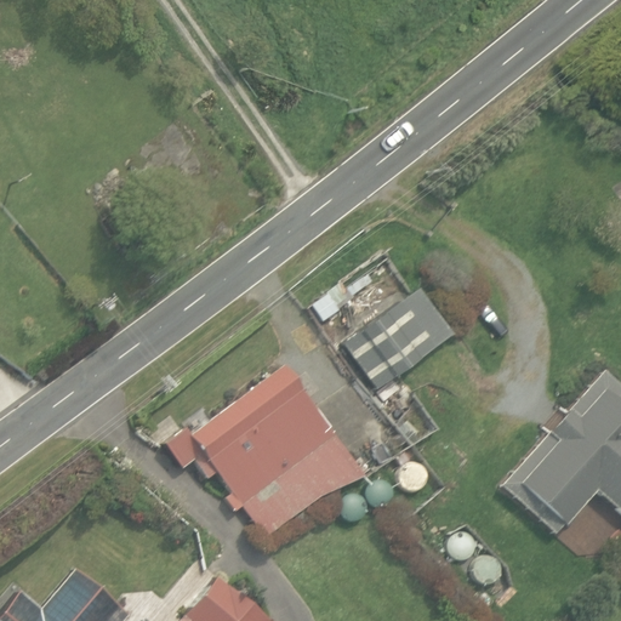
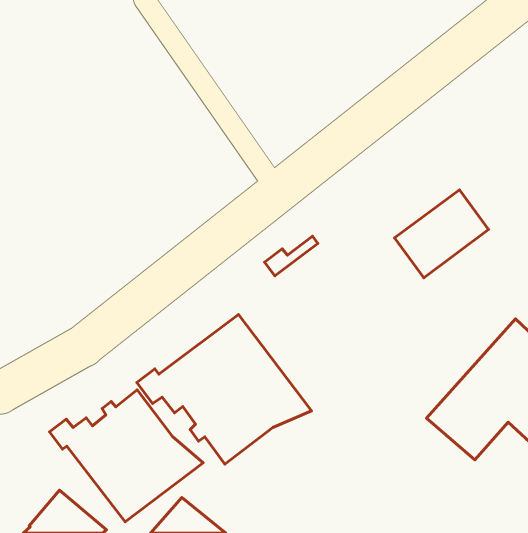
building: [344,289,454,391] -> [395,190,489,278]
building: none -> [49,390,203,522]

